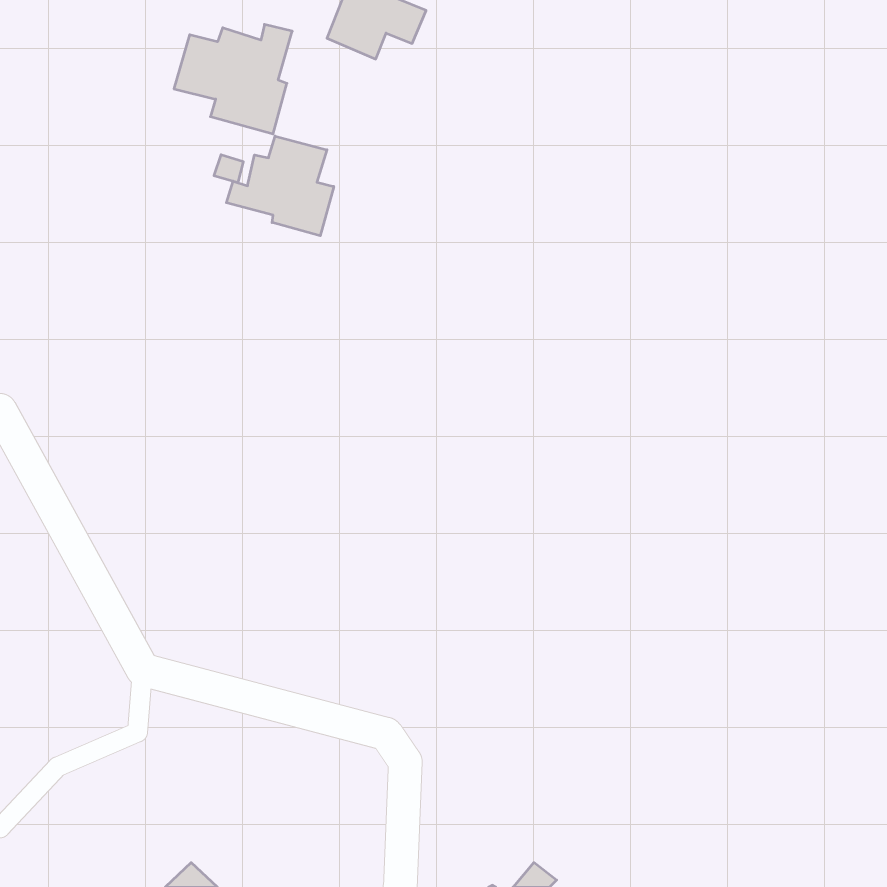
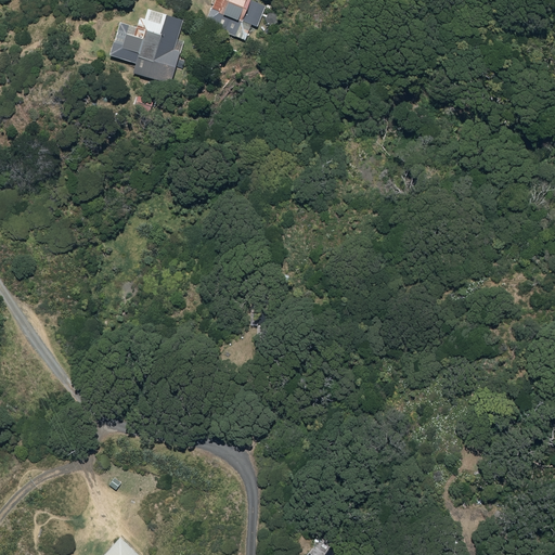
building: [226,136,334,236] -> none

